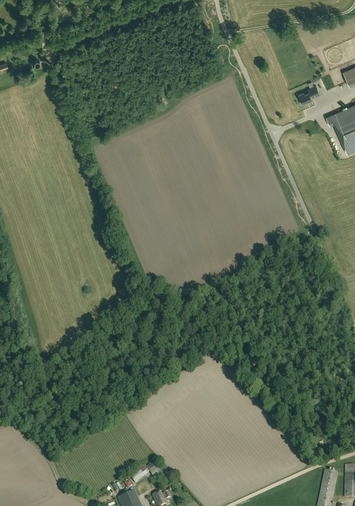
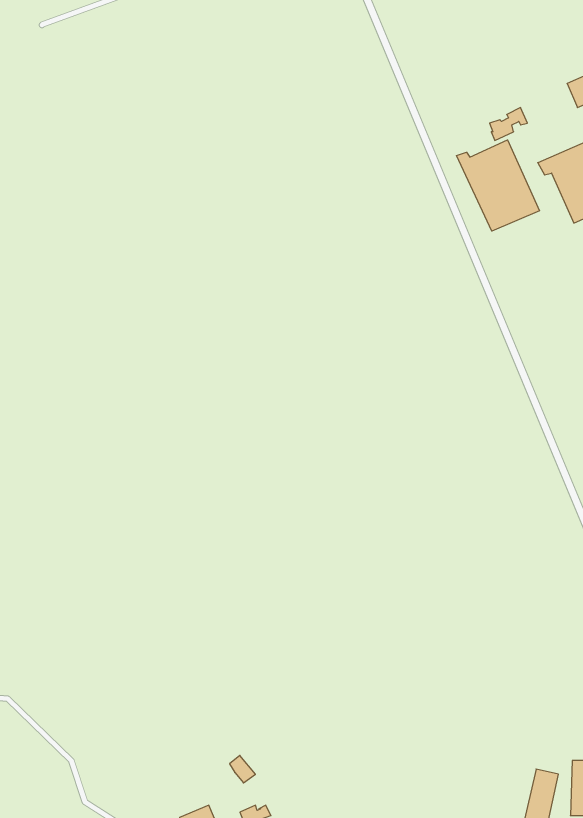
building: none -> [457,140,539,231]

